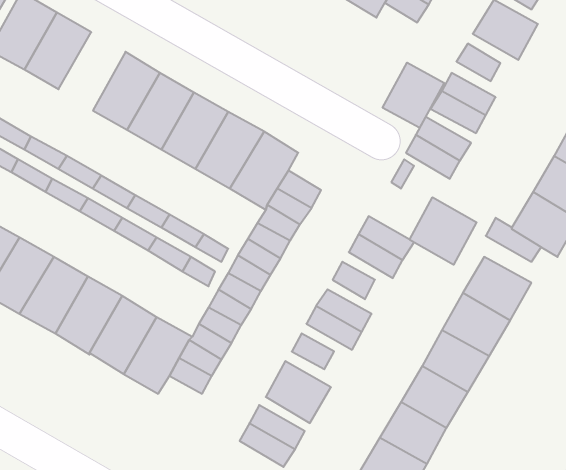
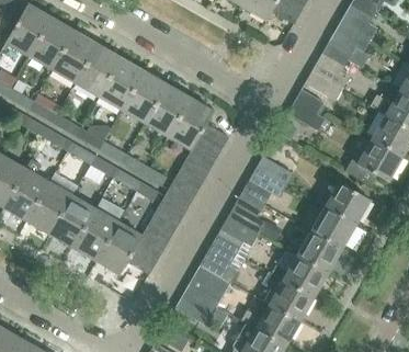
building: none -> [53,31,98,83]
building: [383,63,444,128] -> none
building: [410,197,477,265] -> none

